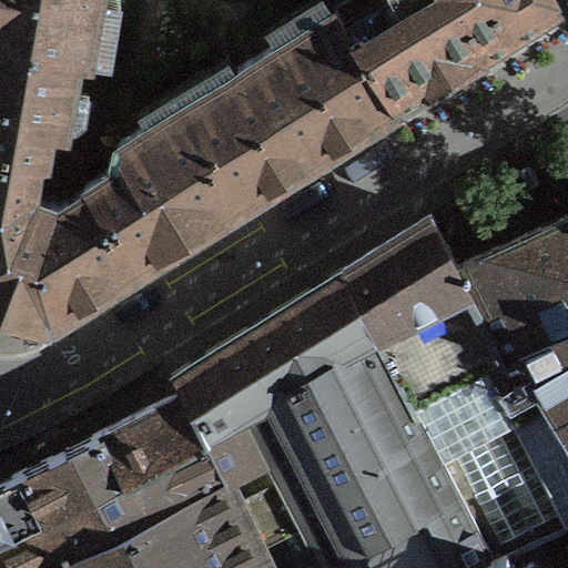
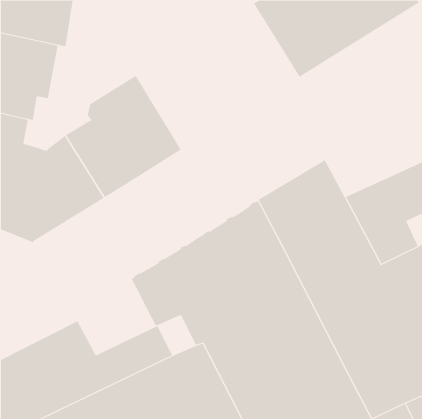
building: [187,14,404,209] -> none
building: [110,397,213,481] -> none

